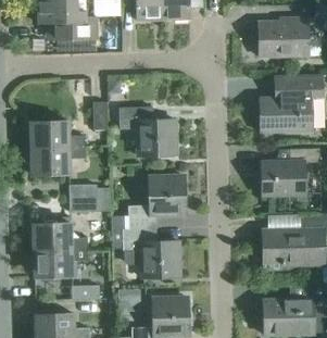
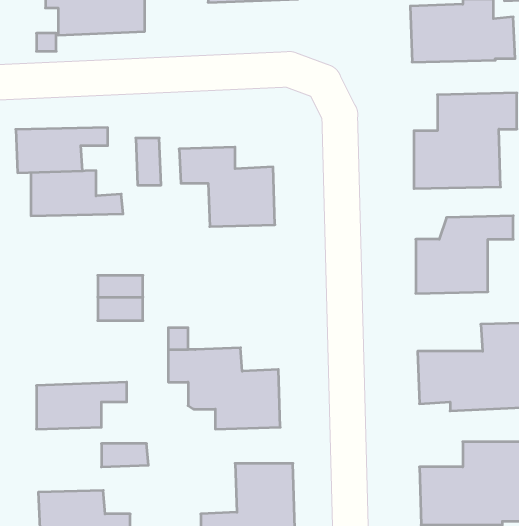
building: [29,148,85,175] -> [16,128,108,173]
building: [127,176,185,229] -> none
building: [32,223,87,251] -> none

